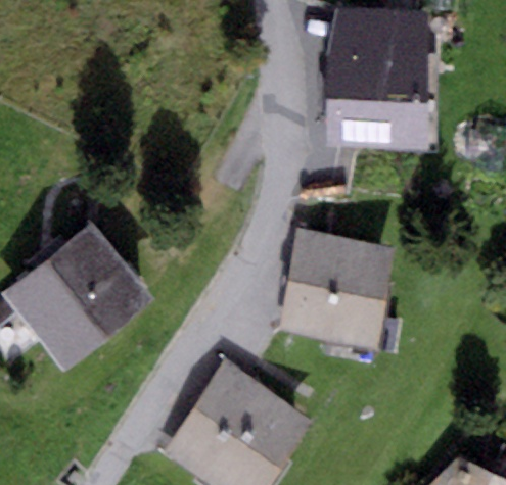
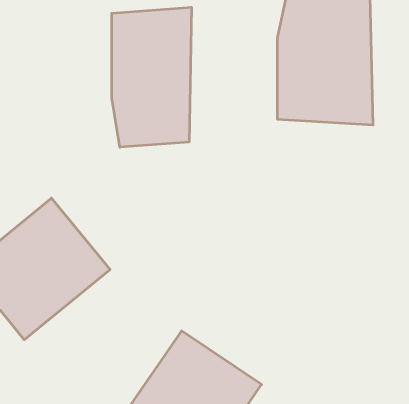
building: none -> [112,7,191,147]
building: [280,229,397,349] -> none

